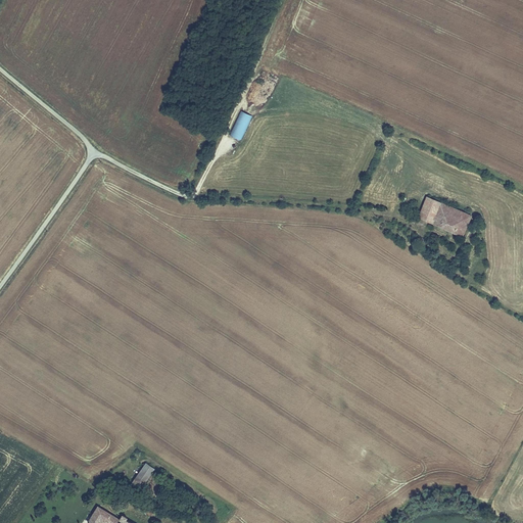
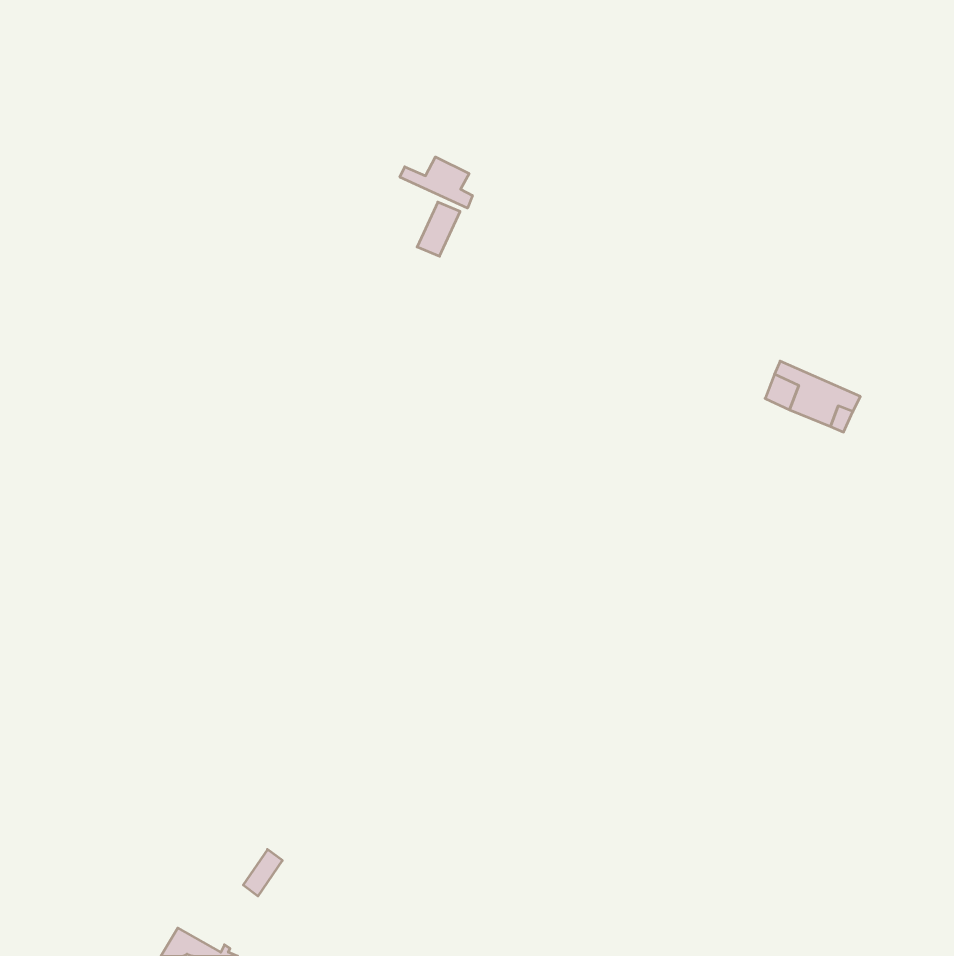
building: none -> [400,157,472,208]

